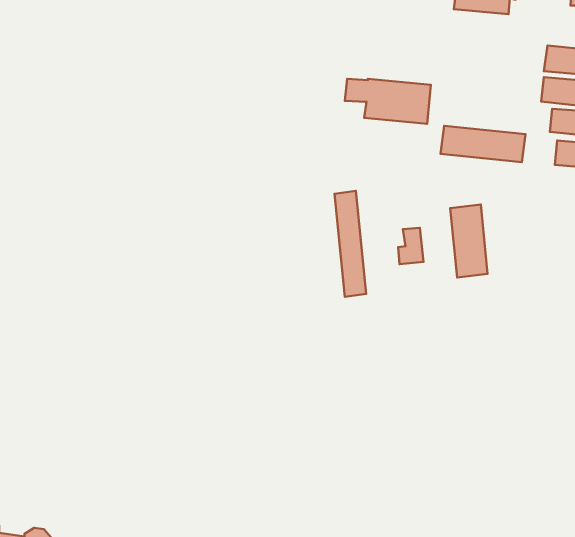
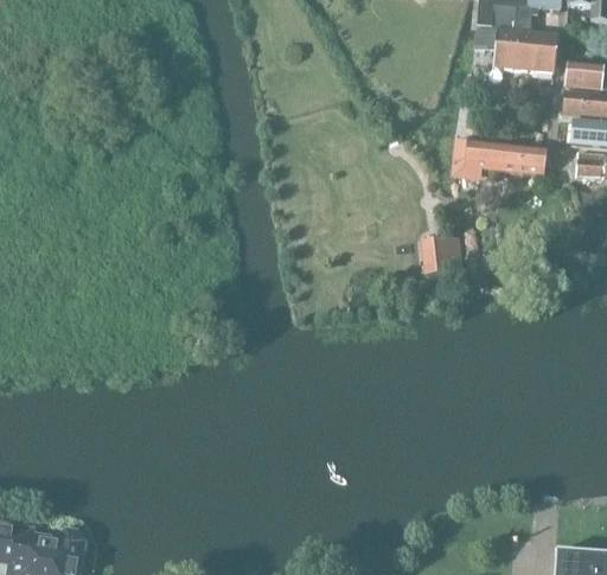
building: [345,79,431,124] -> [473,28,557,72]
building: [335,191,366,297] -> none
building: [450,205,488,278] -> none

